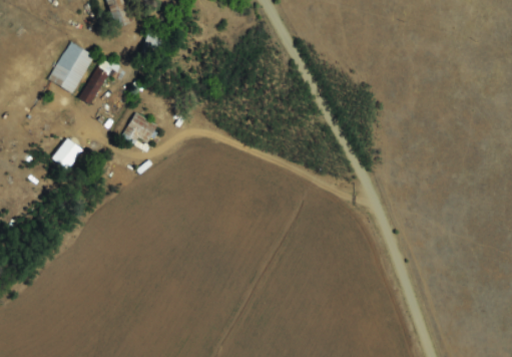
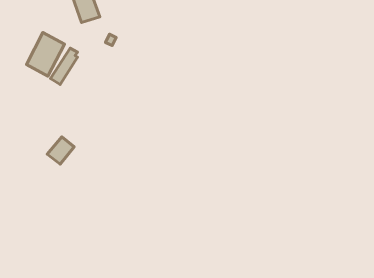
building: [121,111,158,143] -> none
building: [50,136,83,169] -> [47,137,74,164]

